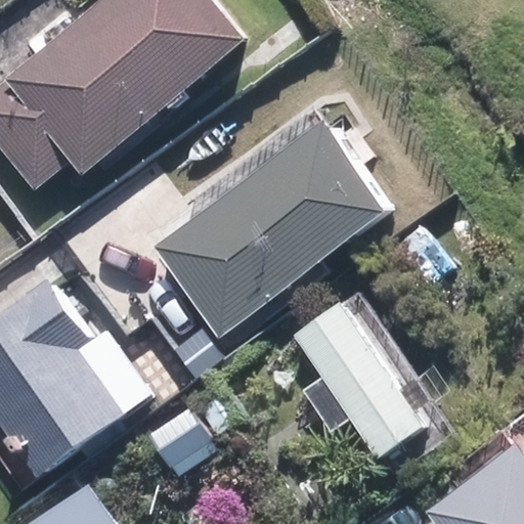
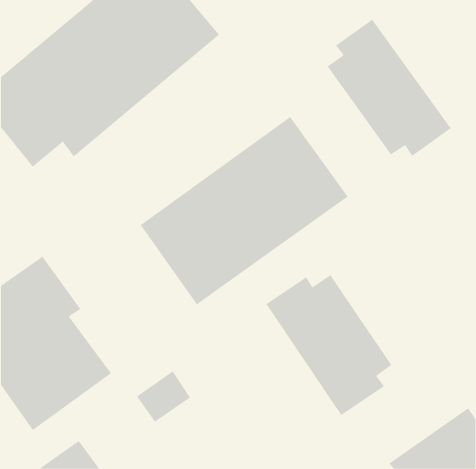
building: none -> [327,19,451,157]

